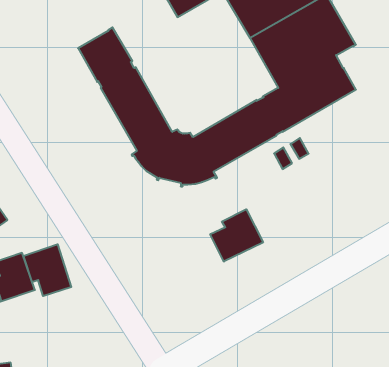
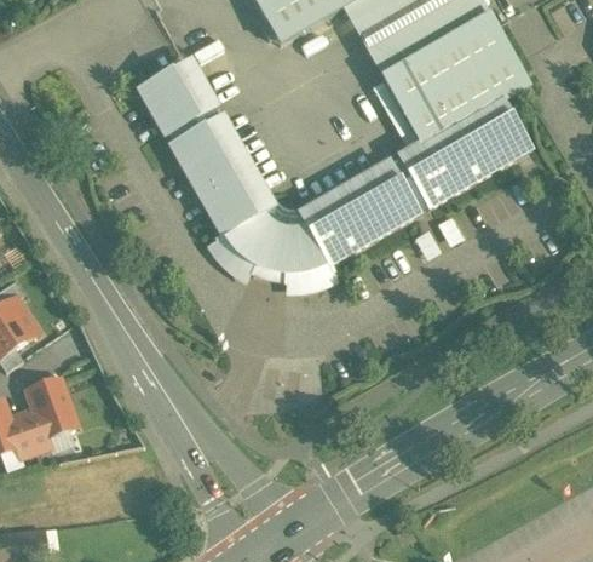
building: [210,209,263,262] -> none
building: [23,244,71,296] -> none

